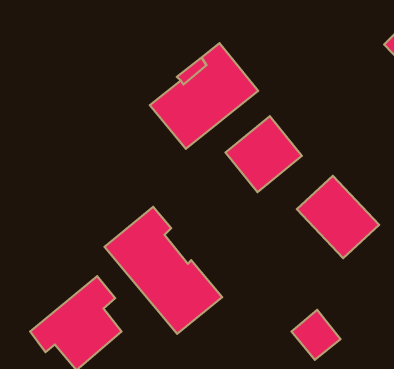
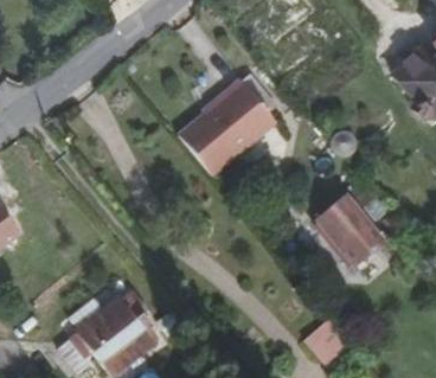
building: [225,116,302,192] -> none
building: [104,207,222,334] -> none

